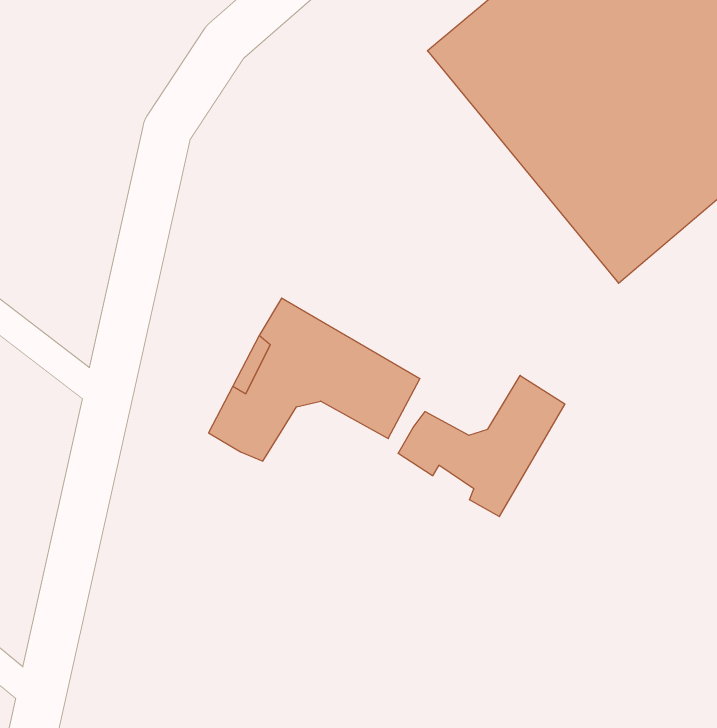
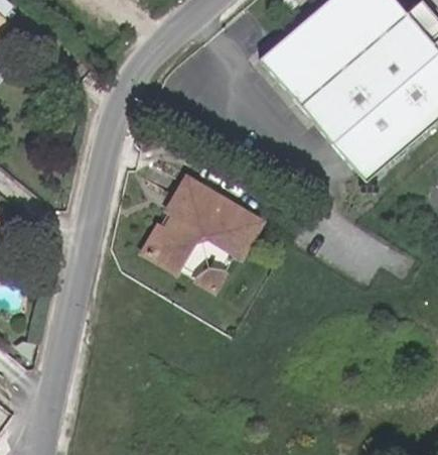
building: [398,375,565,517] -> none

